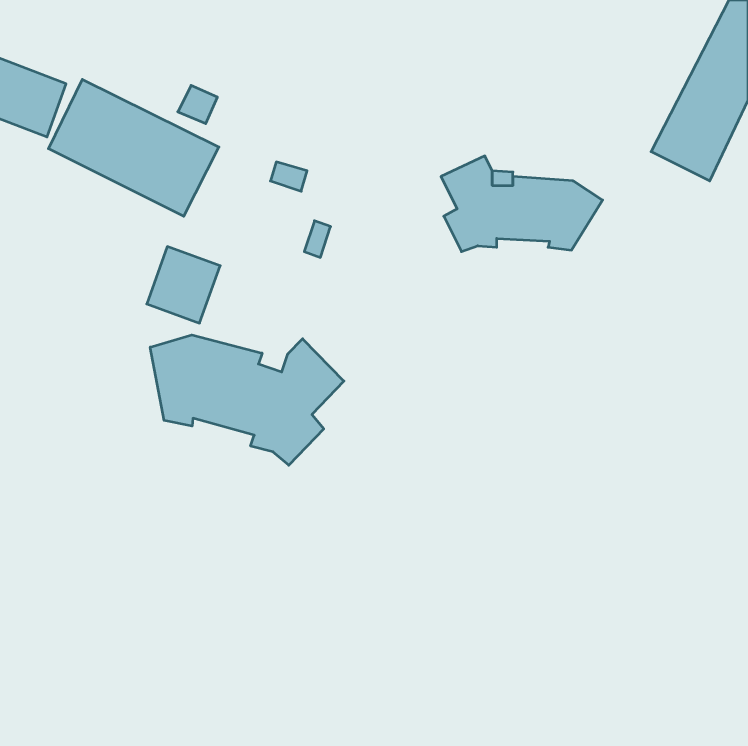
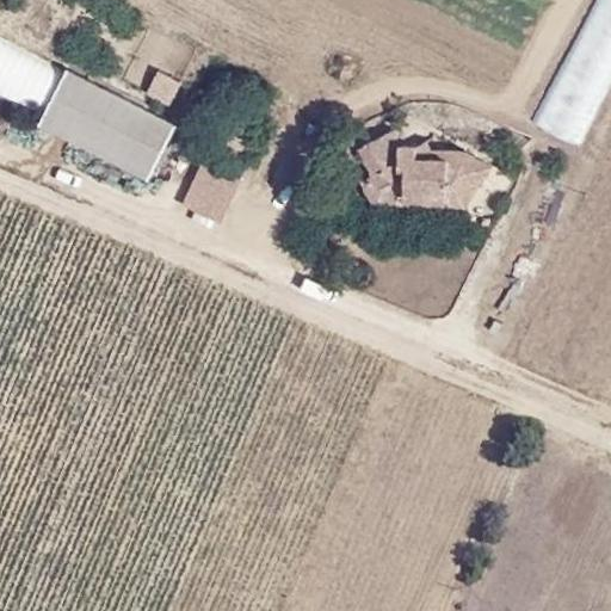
building: [147,247,220,323] -> [179,162,239,224]
building: [150,335,344,465] -> none

